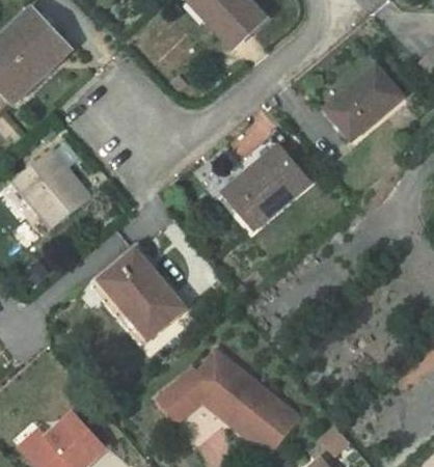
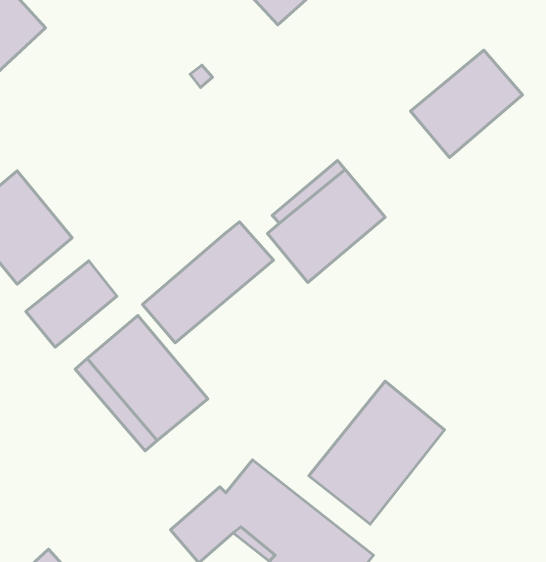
building: none -> [143,222,274,343]
building: none -> [26,261,117,347]
building: none -> [309,381,445,524]

